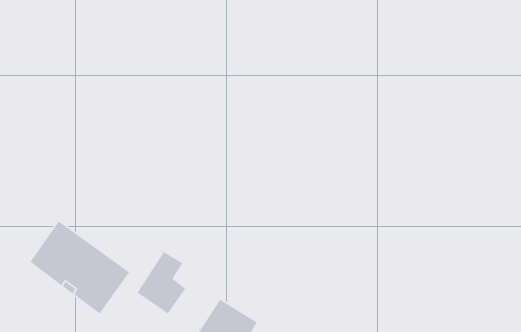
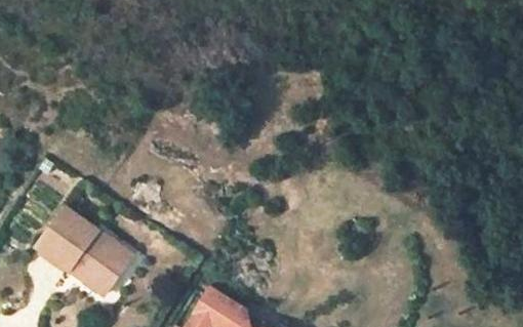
building: [136,251,186,315] -> none

